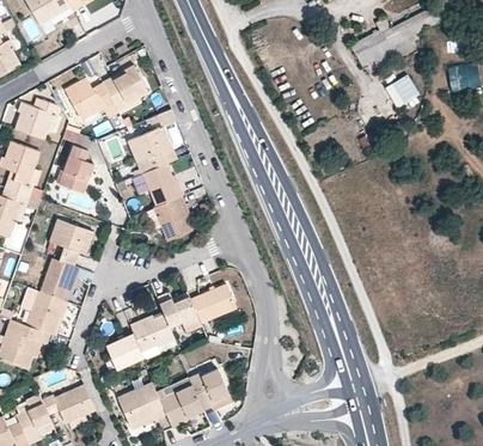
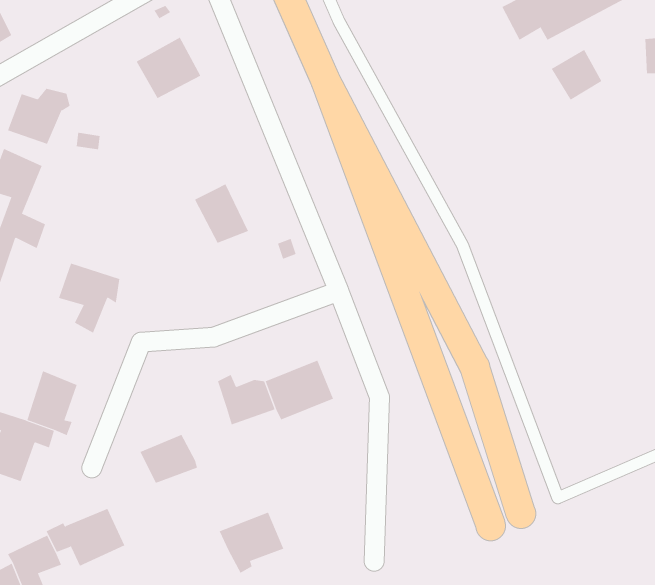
building: [66,79,117,121] -> none
building: [128,127,175,169] -> none
building: [61,146,94,189] -> none
building: [153,197,191,243] -> none
building: [39,259,80,301] -> none
building: [130,317,173,353] -> none
building: [190,369,228,413] -> none
building: [117,384,165,422] -> none

